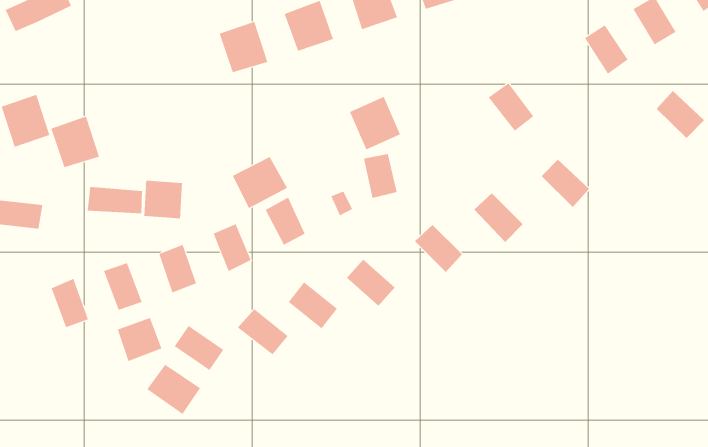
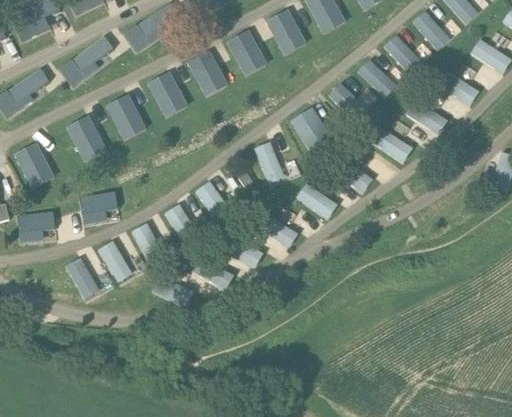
building: none -> [108,96,143,132]
building: none -> [359,61,391,93]
building: [349,96,401,150] -> [292,109,328,146]
building: [50,116,100,168] -> [68,117,103,153]
building: none -> [408,101,441,131]
building: [232,156,288,209] -> none
building: [144,180,183,219] -> none
building: [117,317,162,362] -> none
building: [146,364,201,415] -> none

